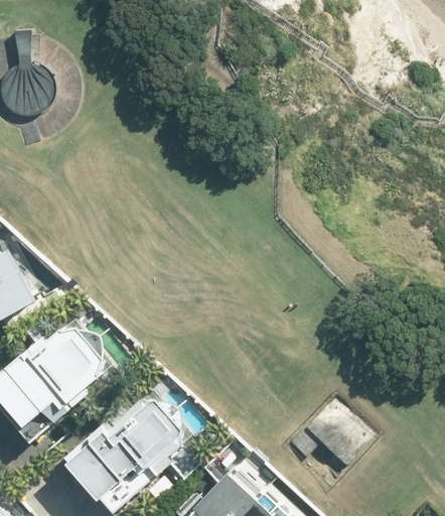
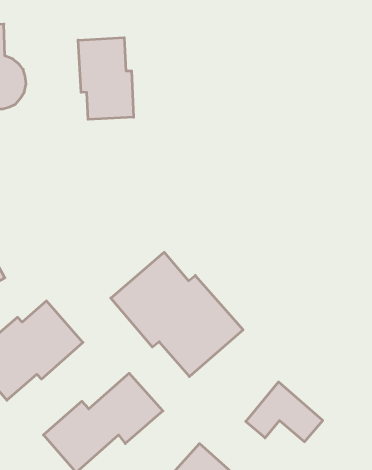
building: none -> [78,38,134,119]
building: none -> [111,252,243,377]

